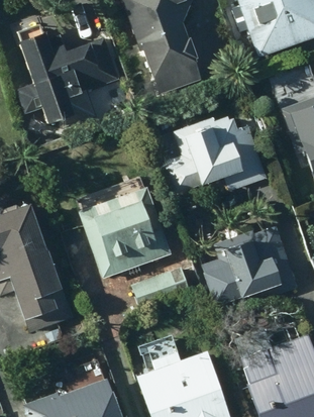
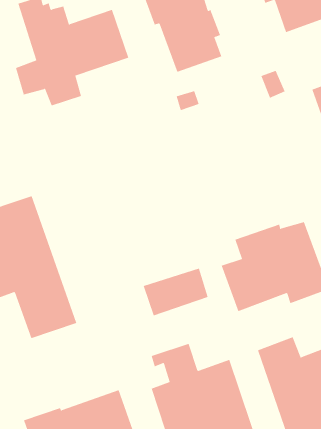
building: [170,114,265,195] -> none
building: [77,187,170,279] -> none

